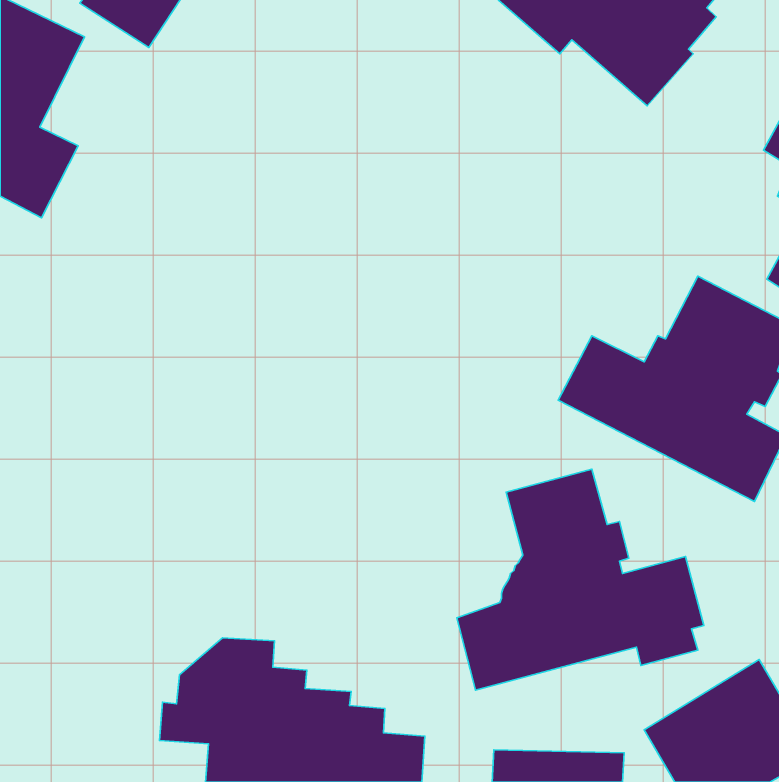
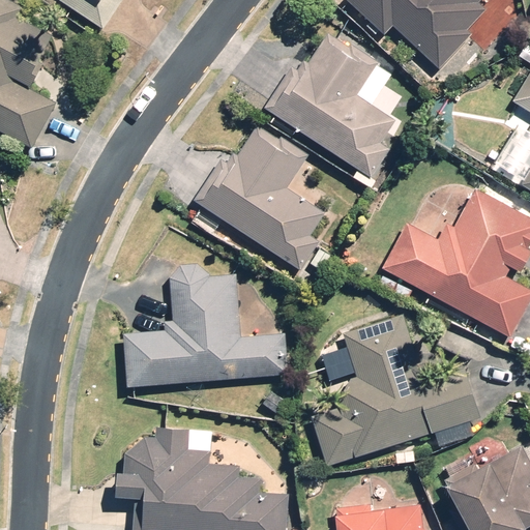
building: none -> [264,31,394,179]
building: none -> [193,124,328,274]
building: none -> [121,265,288,387]

